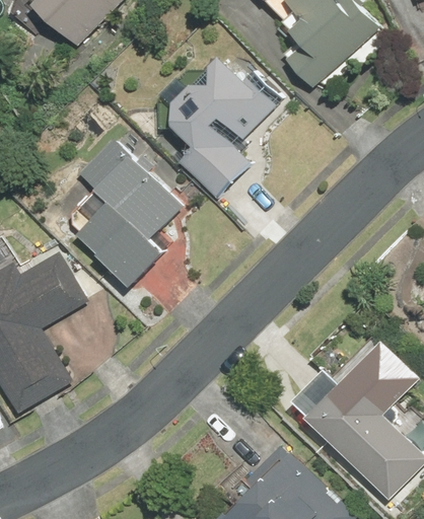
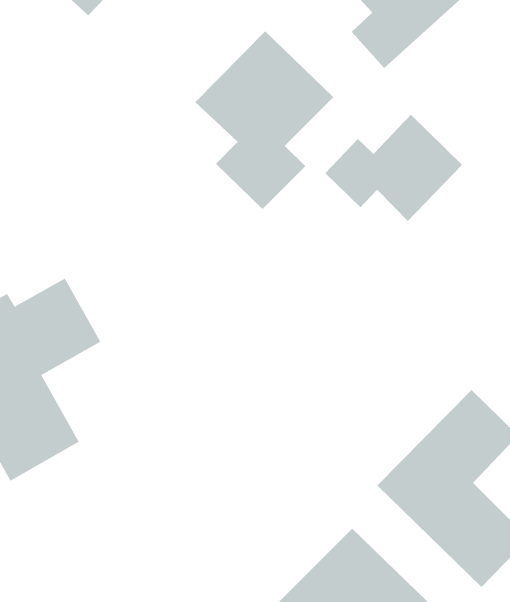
building: none -> [324,114,463,222]
building: [76,138,181,285] -> none

